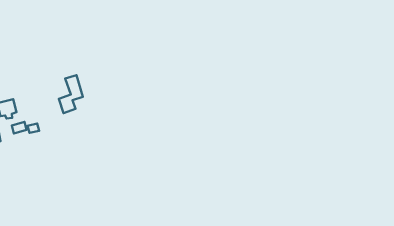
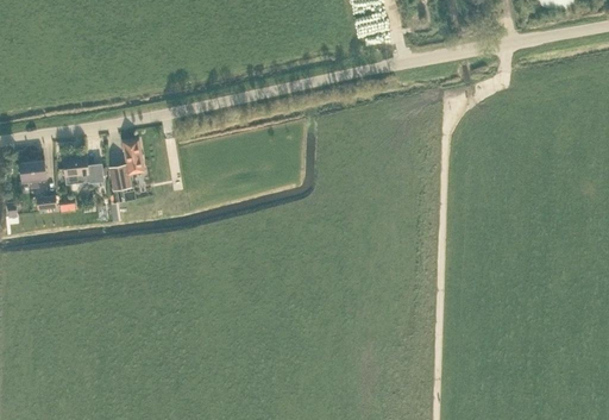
building: none -> [64,156,105,184]

